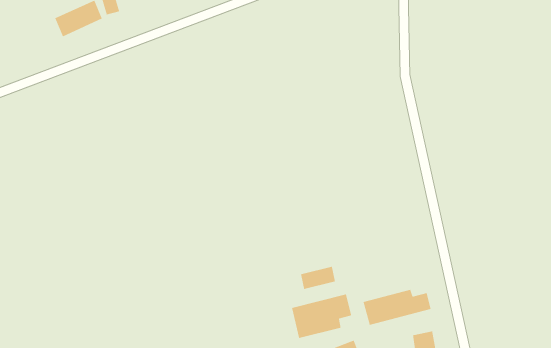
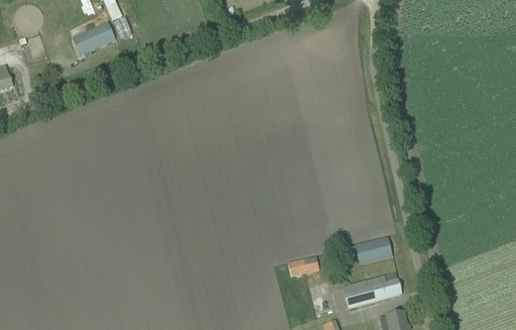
building: none -> [355,237,392,263]
building: [291,293,352,339] -> none

